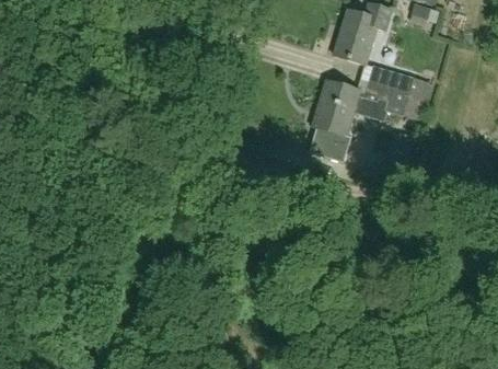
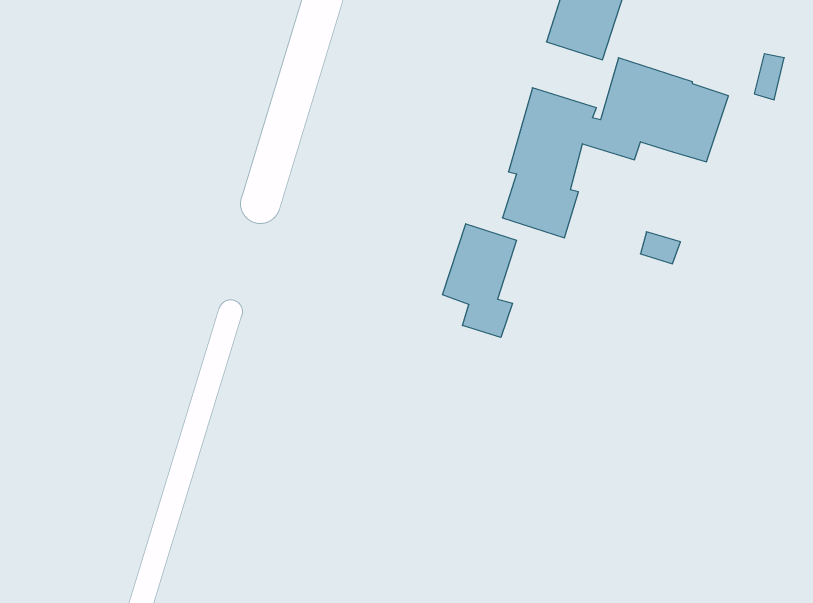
building: none -> [443,224,516,337]

